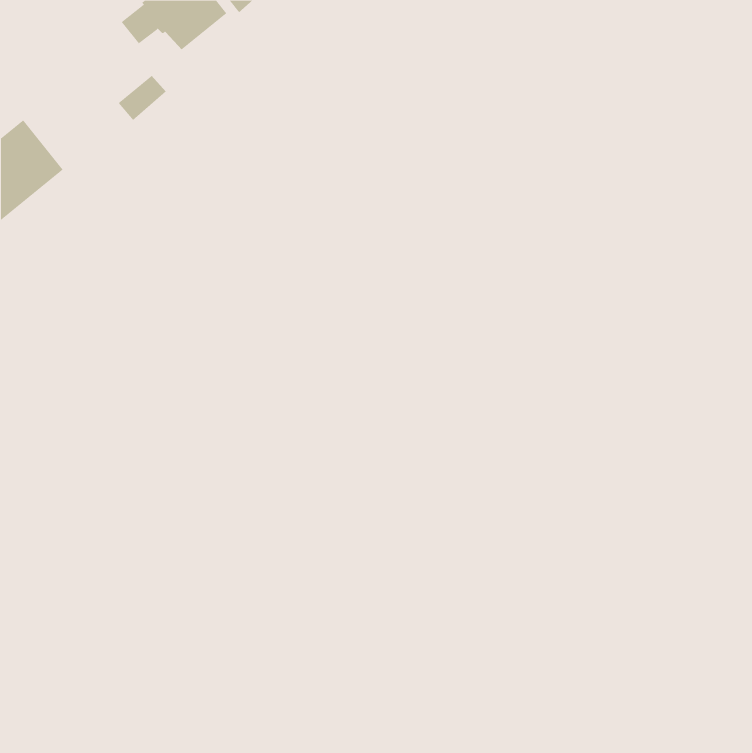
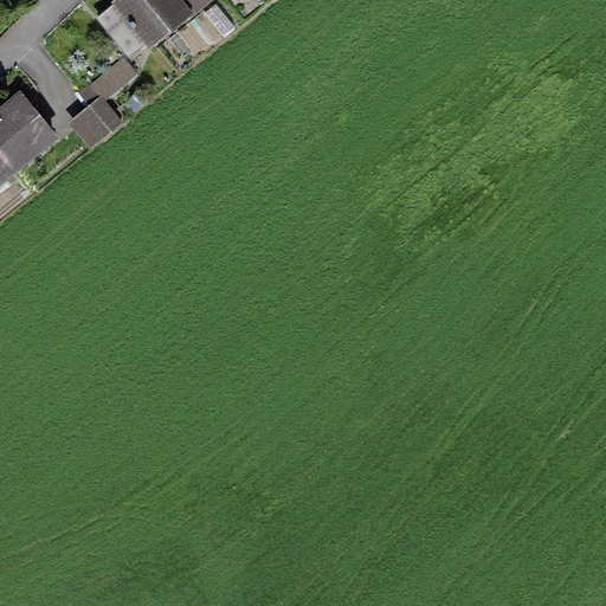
building: none -> [75,86,121,148]

